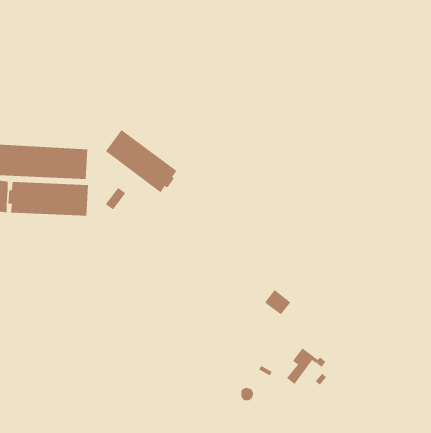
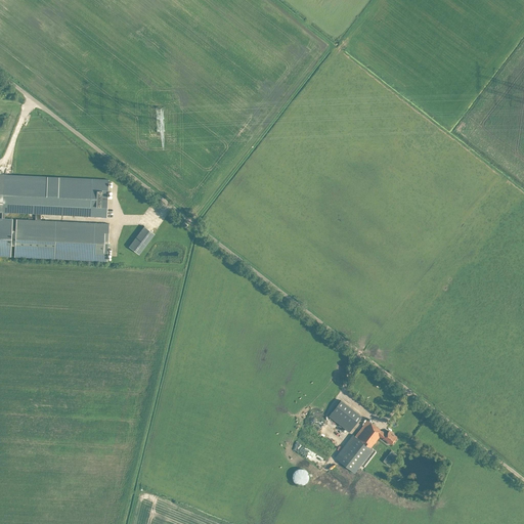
building: [105,129,177,193] -> none
building: [264,289,291,315] -> [326,400,359,432]

